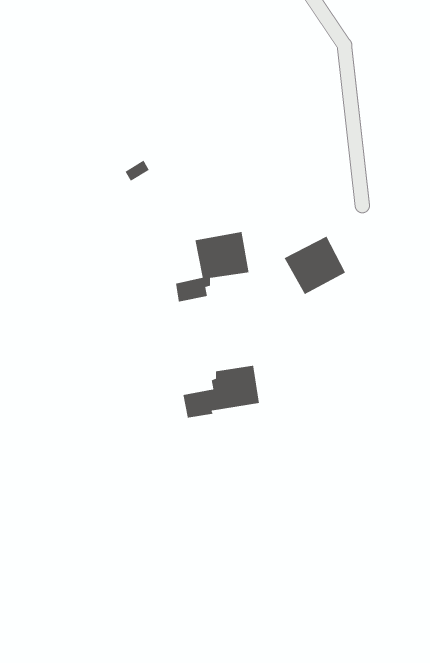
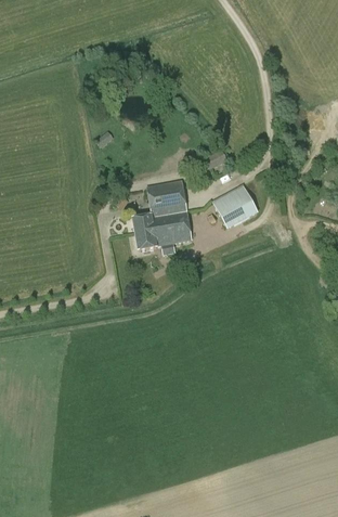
building: [183,365,260,418] -> [134,211,191,250]

